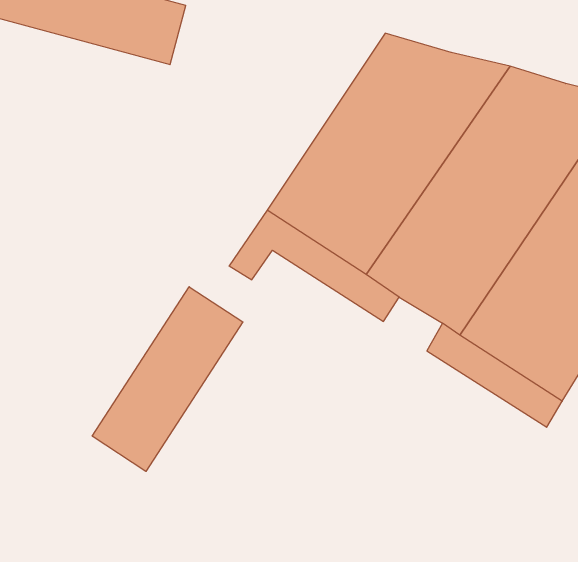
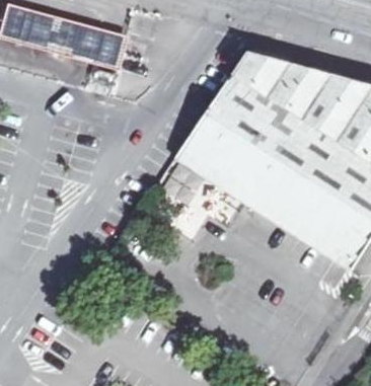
building: [92,287,243,471] -> none

